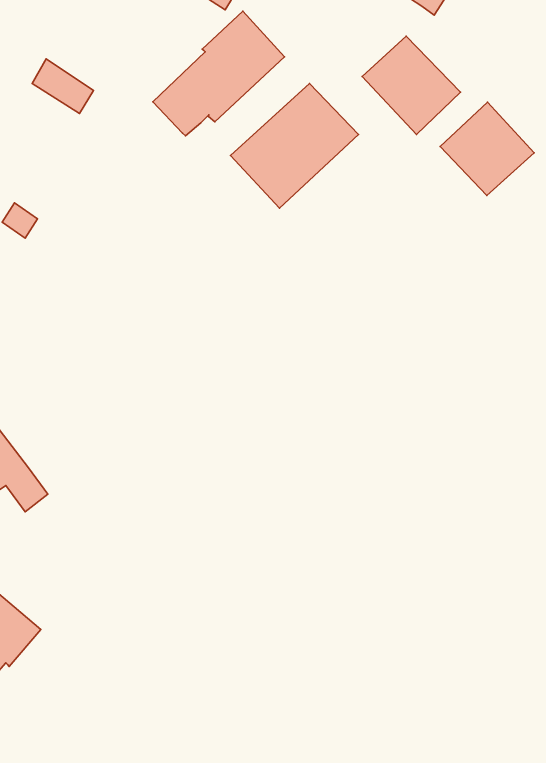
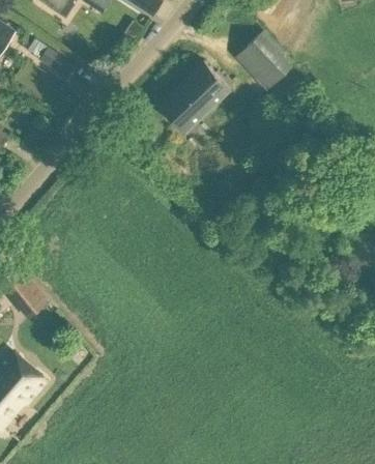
building: [153,11,284,136] -> none
building: [440,102,534,195] -> none

